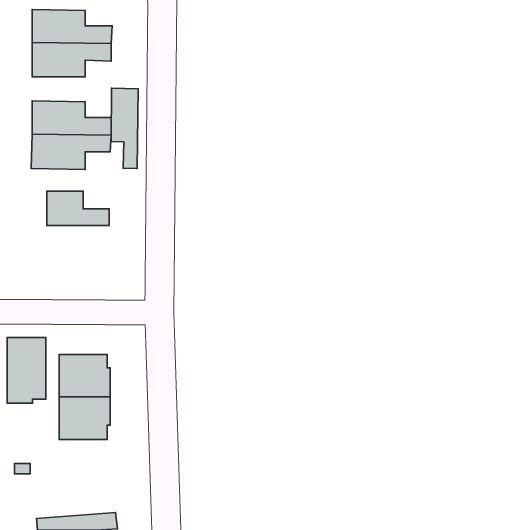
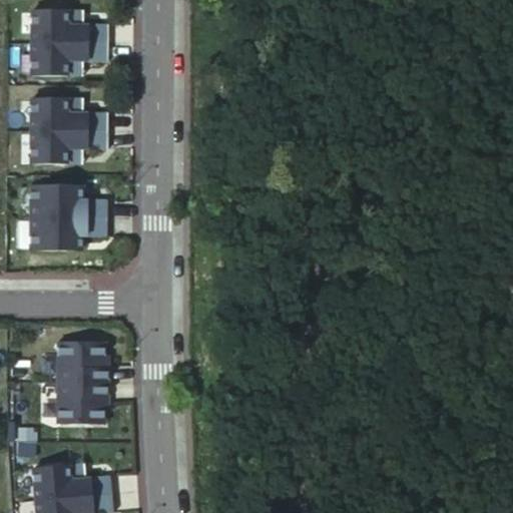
building: [111,88,138,169] -> none
building: none -> [45,217,105,250]
building: [7,337,46,403] -> none
building: none -> [33,464,111,500]

